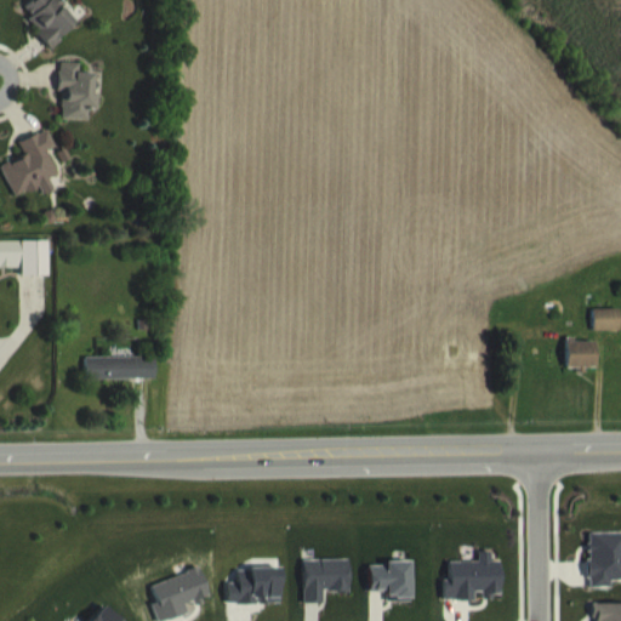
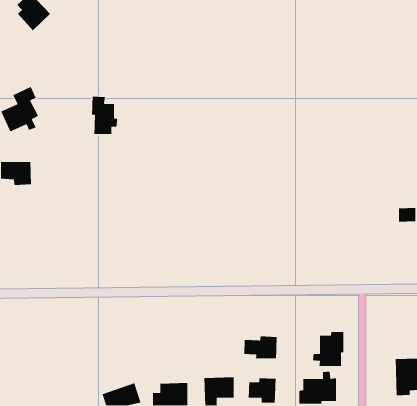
building: [58,61,98,119] -> [91,96,118,135]
building: [565,338,594,369] -> none
building: [85,355,156,378] -> none
building: none -> [312,331,344,367]
building: none -> [244,336,277,359]

